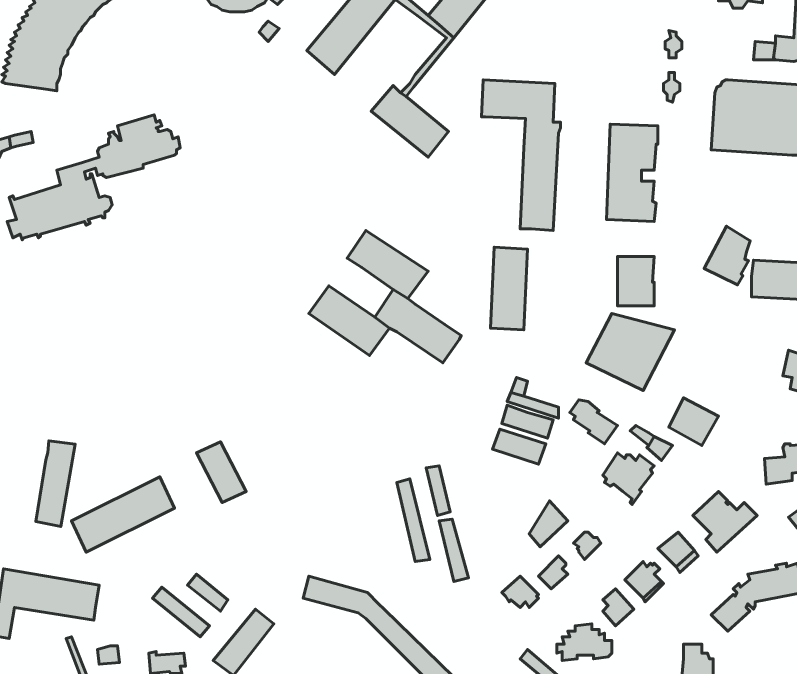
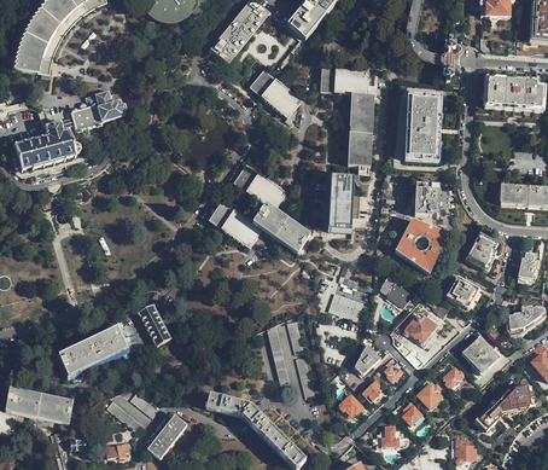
building: [704,226,750,285] -> [465,232,495,271]
building: [36,441,75,526] -> none

